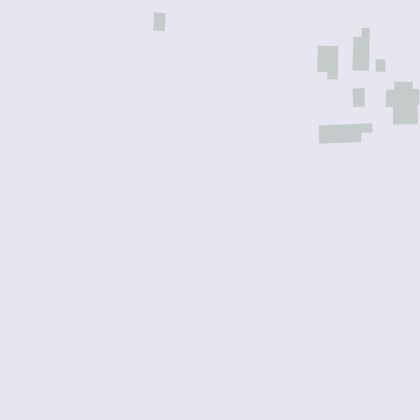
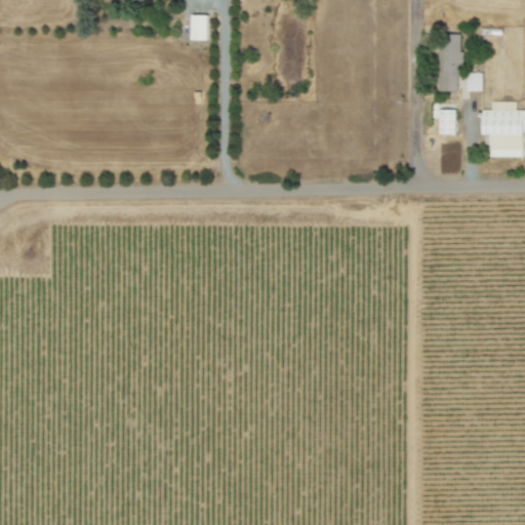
building: [316,45,339,80] -> none
building: [318,123,373,144] -> none

